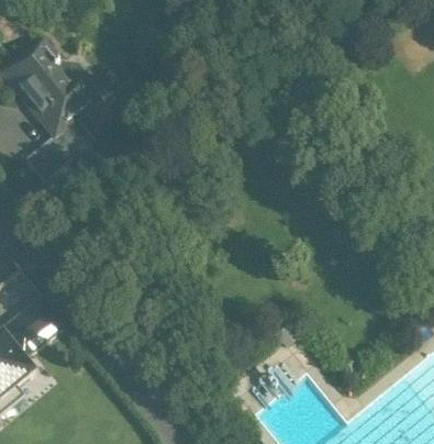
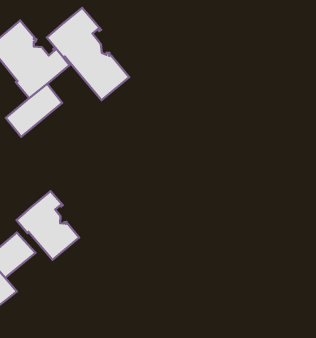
building: none -> [47,8,129,100]
building: none -> [17,191,79,260]

